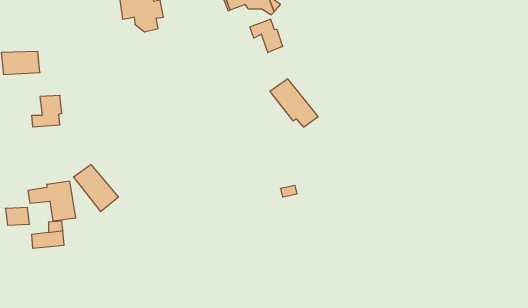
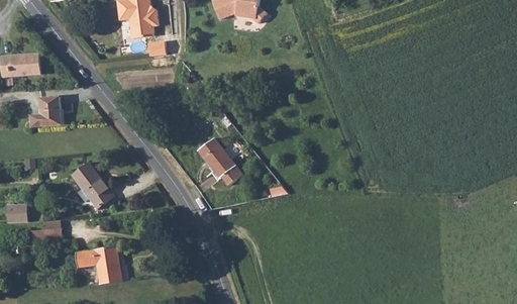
building: [250,19,283,53] -> none
building: [270,79,318,127] -> [197,139,243,186]
building: [28,181,76,221] -> [77,246,123,285]

